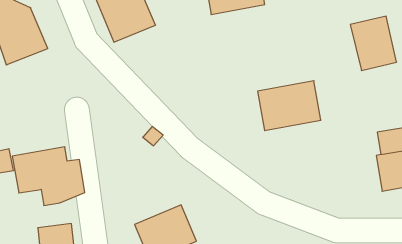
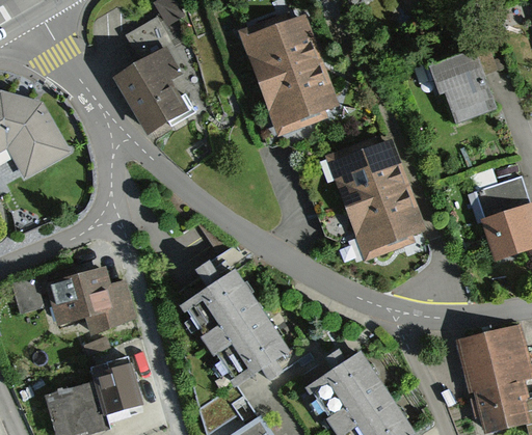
building: none -> [258,58,337,127]
building: none -> [343,186,425,254]
building: none -> [180,272,257,345]

